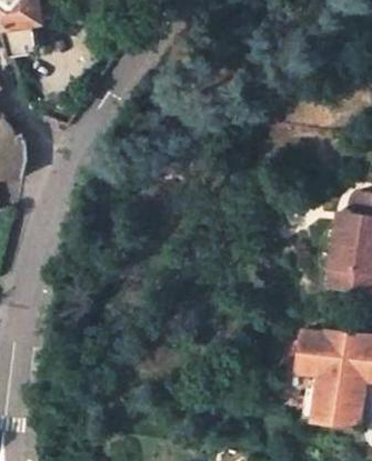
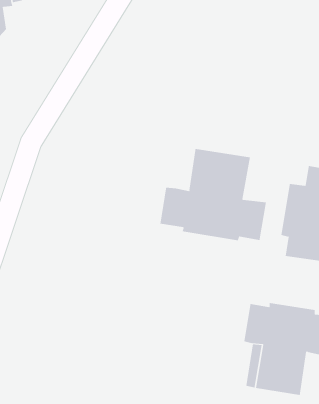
building: none -> [160,148,266,241]

